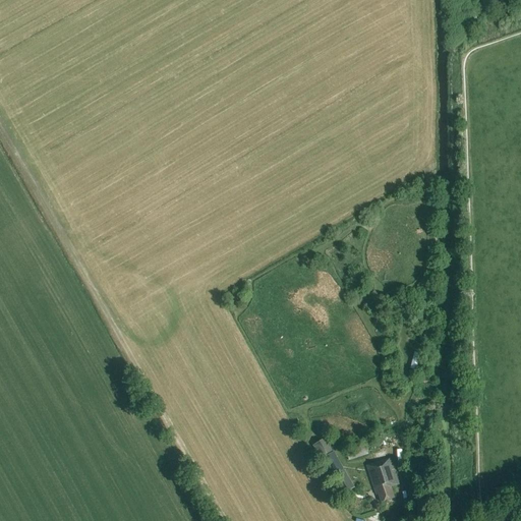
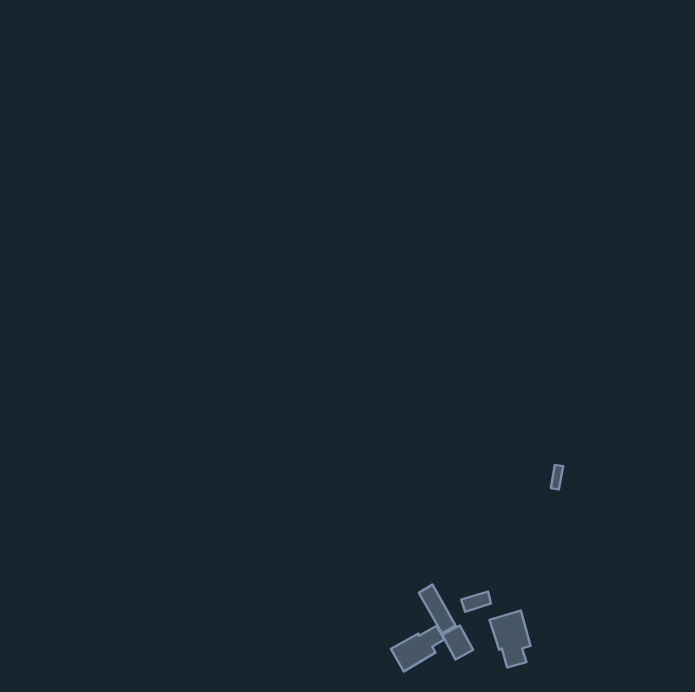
building: none -> [391,626,445,672]

